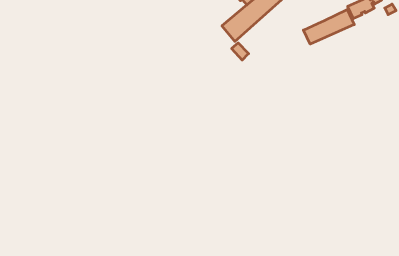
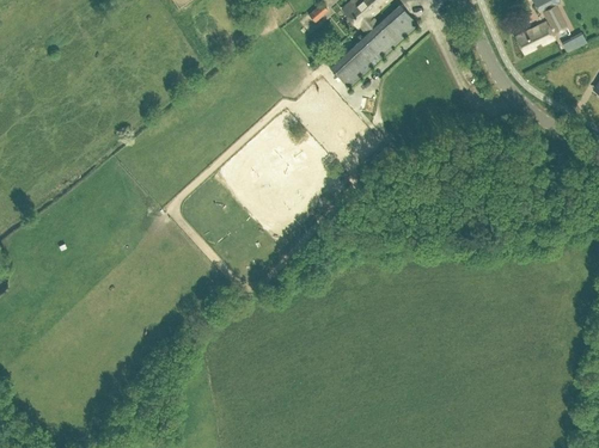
building: [303,10,354,44] -> none

